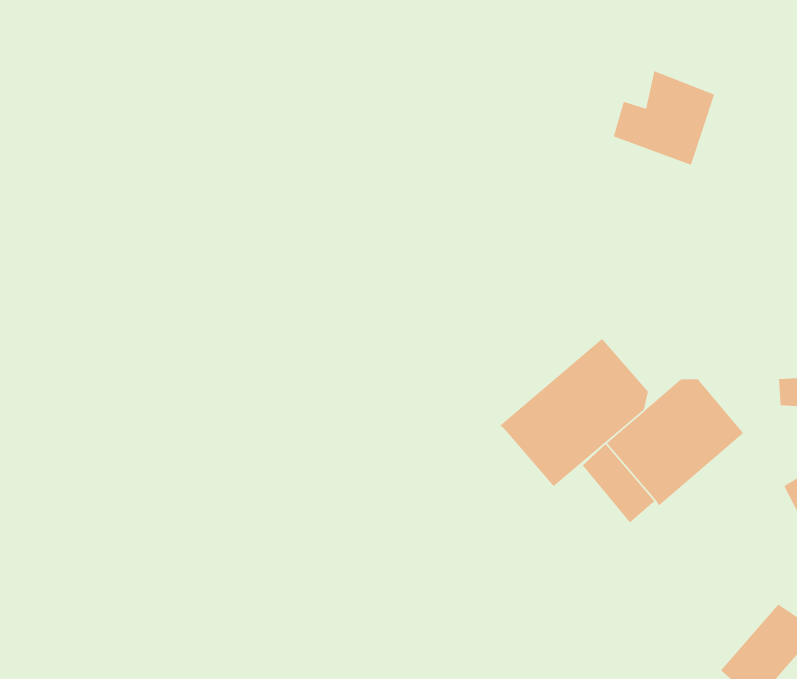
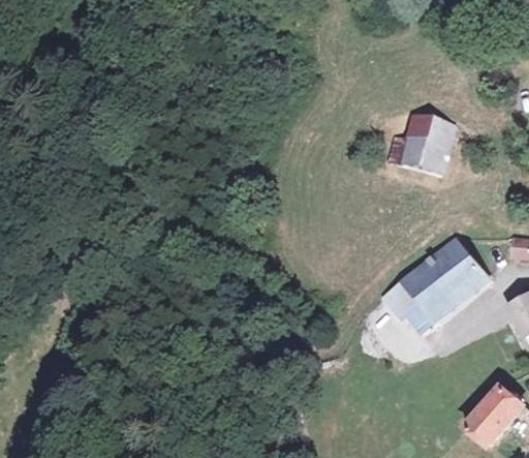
building: [613,70,715,166] -> [394,112,456,170]
building: [499,338,649,487] -> none

